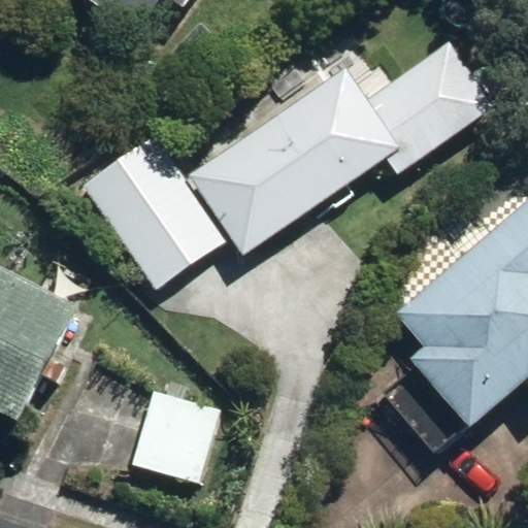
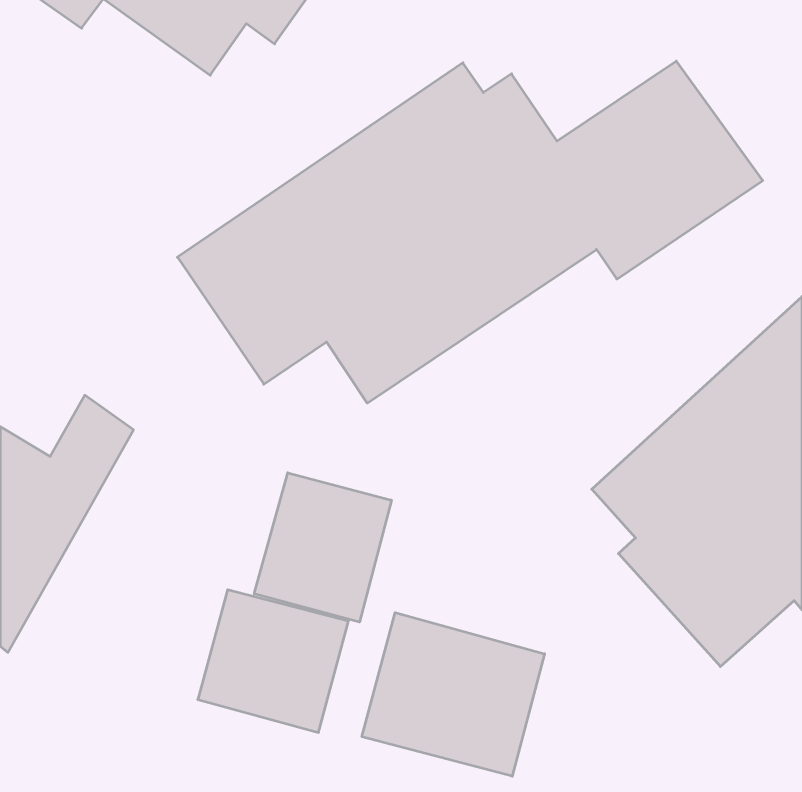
building: none -> [254,473,391,622]
building: none -> [362,613,545,776]

